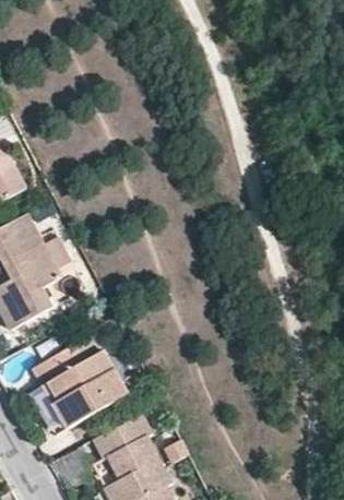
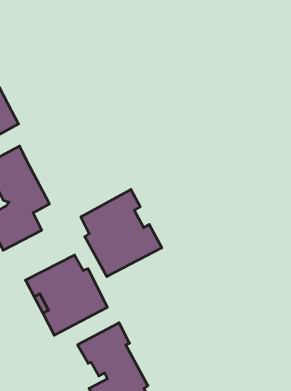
building: none -> [81,189,162,277]

